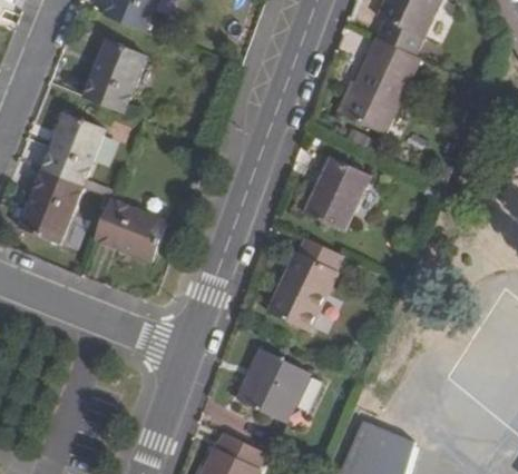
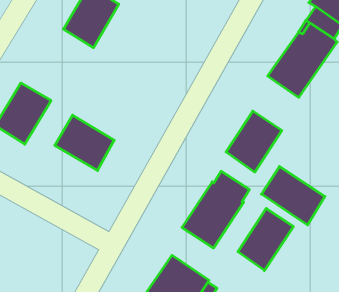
building: [42,113,105,186] -> none
building: none -> [261,166,325,225]
building: none -> [238,208,293,271]

